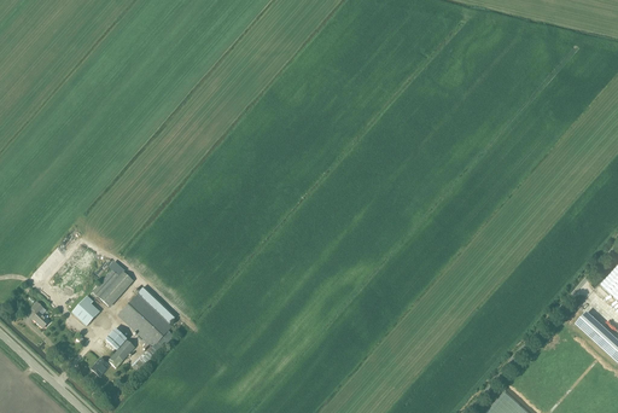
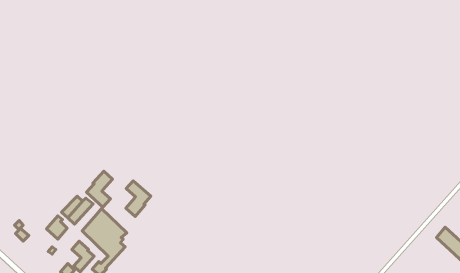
building: none -> [86,171,113,207]
building: none -> [126,181,151,216]

